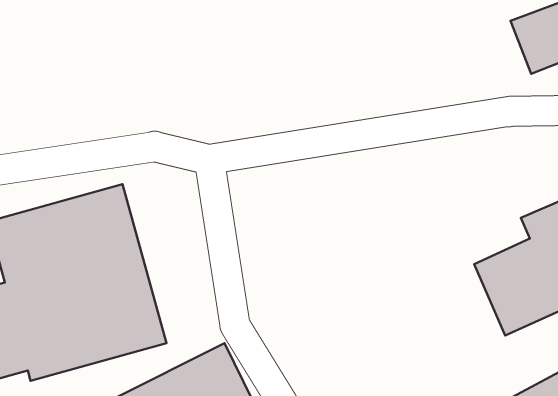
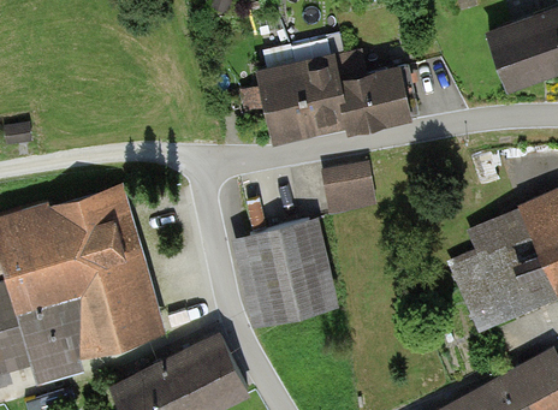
building: none -> [256,35,415,138]
building: none -> [321,165,372,207]
building: none -> [238,218,345,323]

